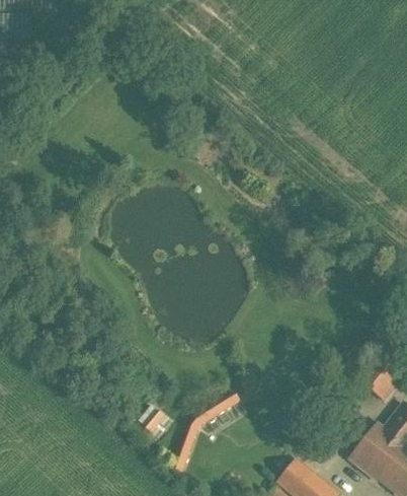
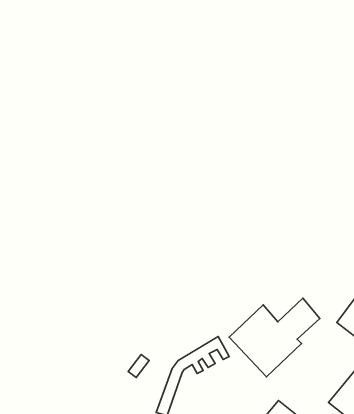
building: none -> [229,298,320,377]

